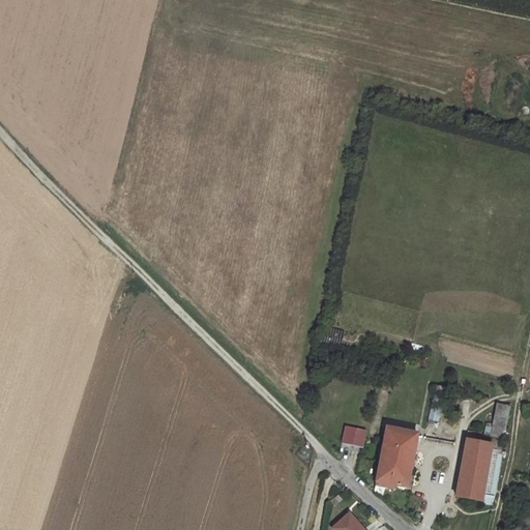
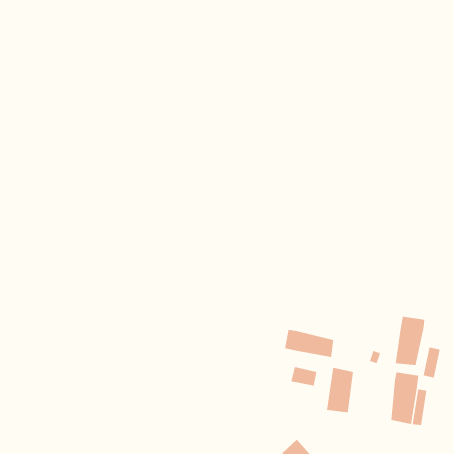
building: none -> [395,316,425,366]
building: none -> [284,329,334,358]

